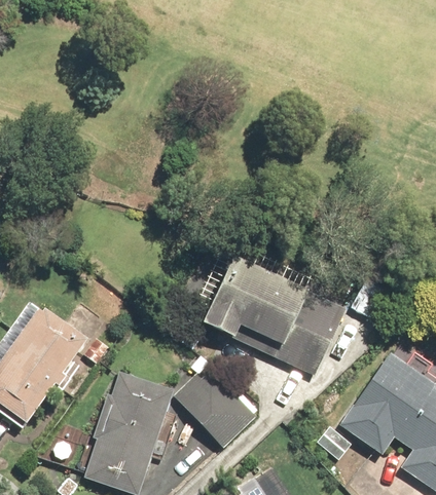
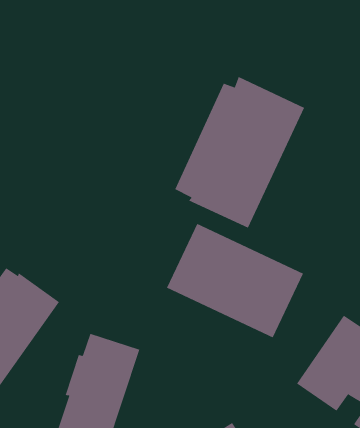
building: none -> [175,76,305,229]
building: [174,360,259,448] -> none

